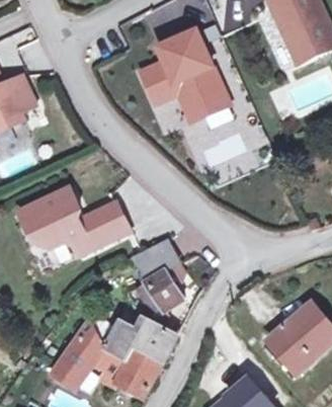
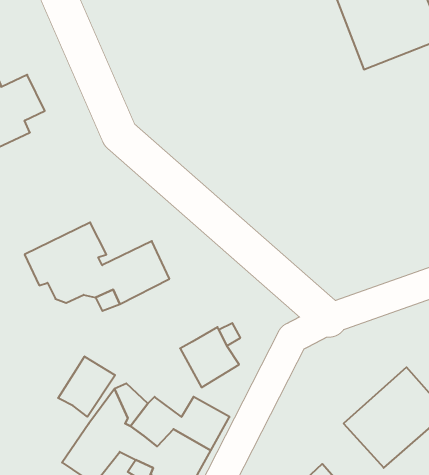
building: [135,25,230,127] -> none
building: [134,239,180,278] -> none
building: none -> [58,356,115,417]

